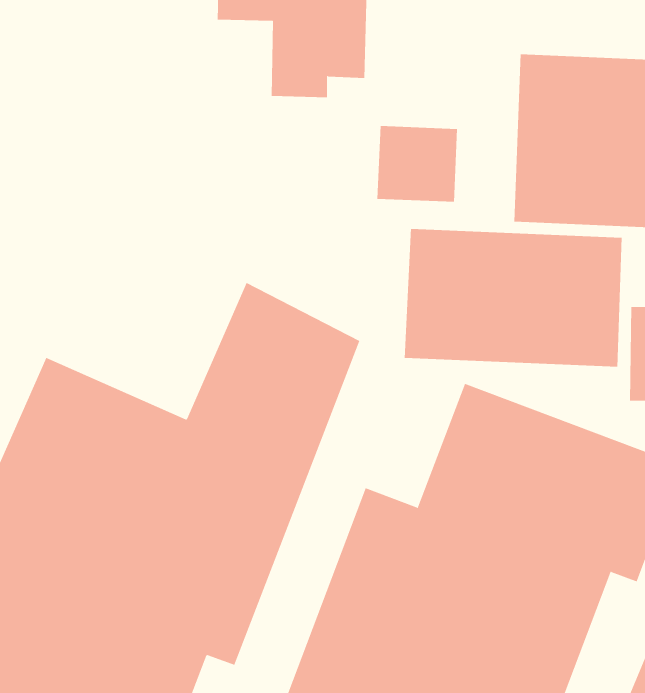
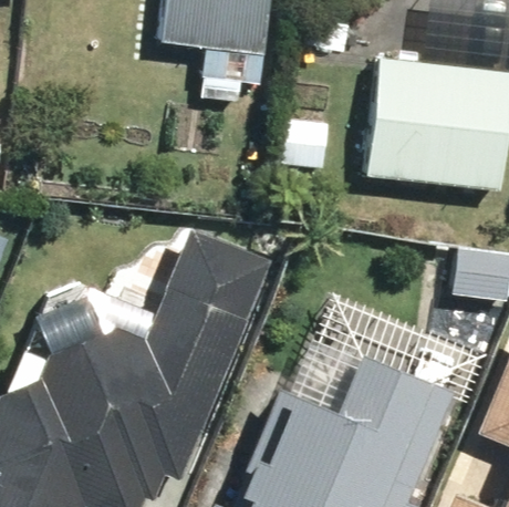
building: [404,228,622,368] -> none

